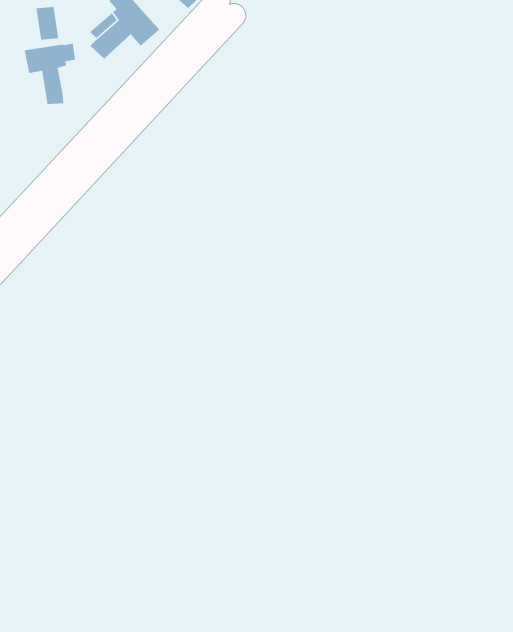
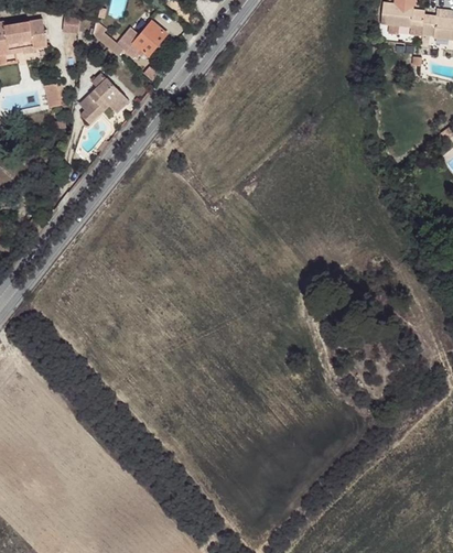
building: [24,43,76,105] -> none

